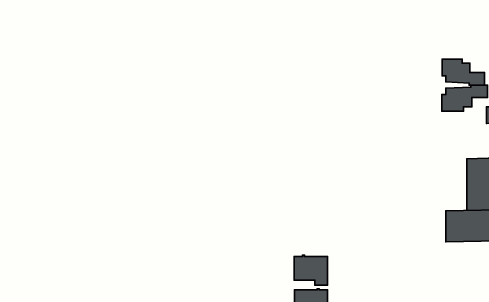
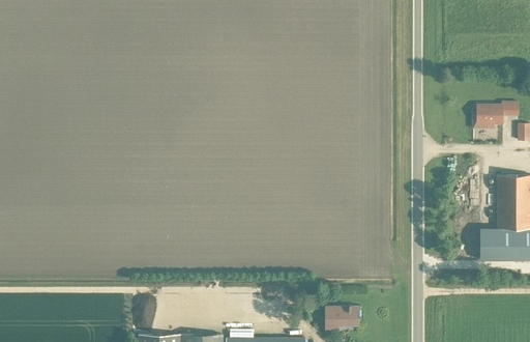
building: [442,59,484,85] -> none
building: [294,255,327,285] -> none

